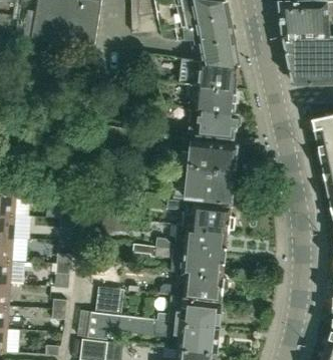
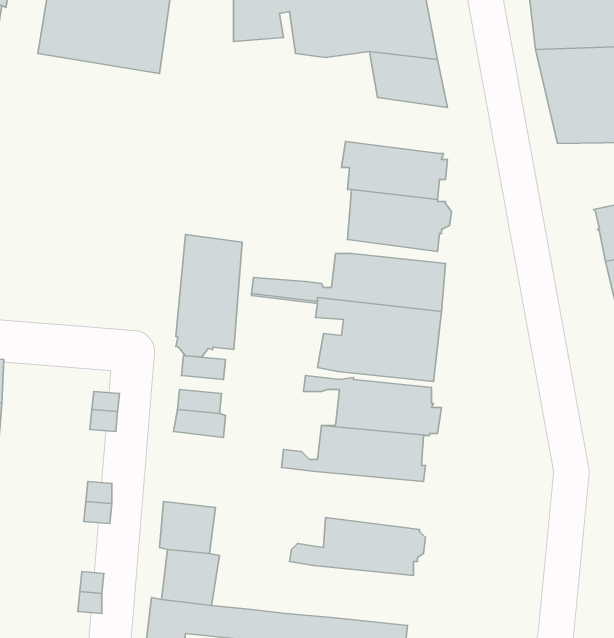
building: [186,59,239,89] -> none
building: none -> [176,234,242,357]
building: [132,245,227,278] -> none
building: [157,296,222,326] -> none

